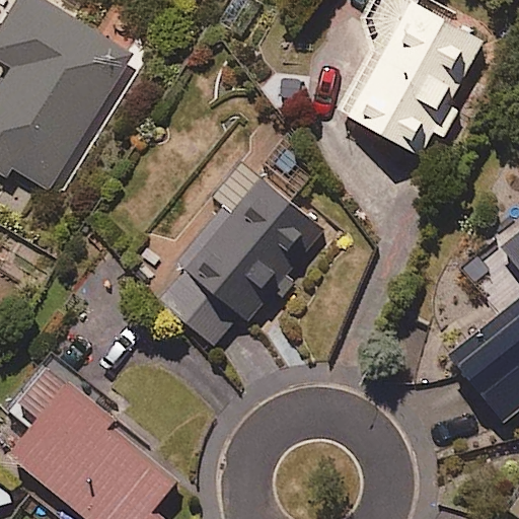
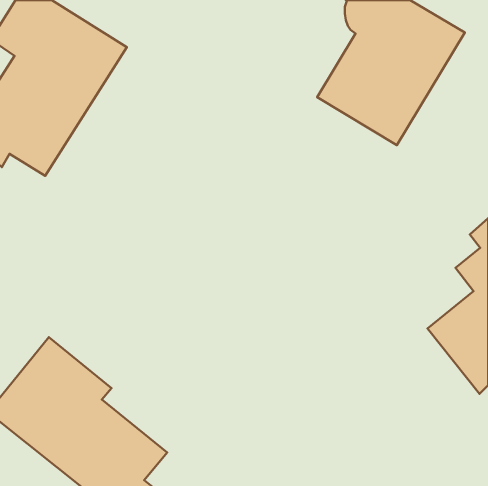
building: [160,148,338,348] -> none

